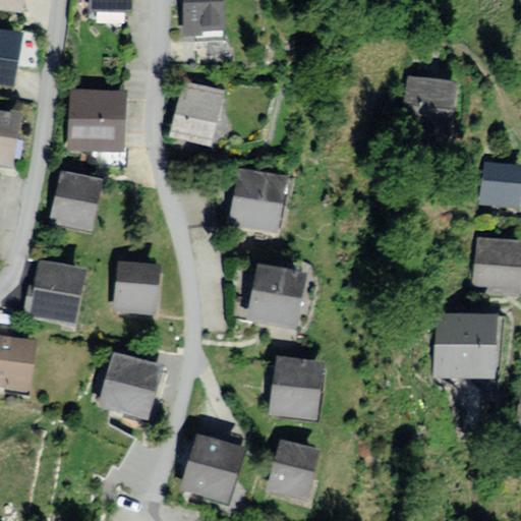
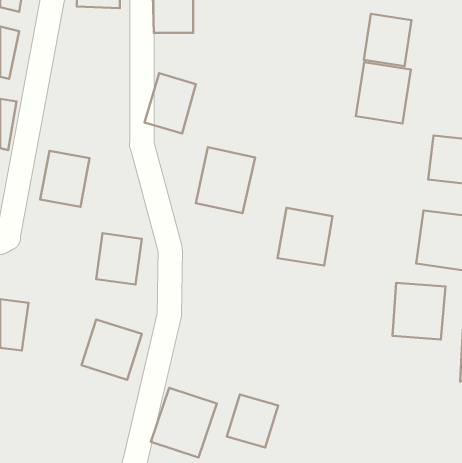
building: none -> [364,14,411,66]
building: [68,85,130,154] -> none
building: [24,258,85,325] -> none
building: [240,265,301,329] -> [277,208,332,266]
building: [262,353,319,418] -> none

